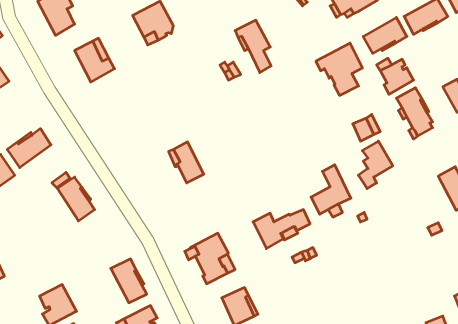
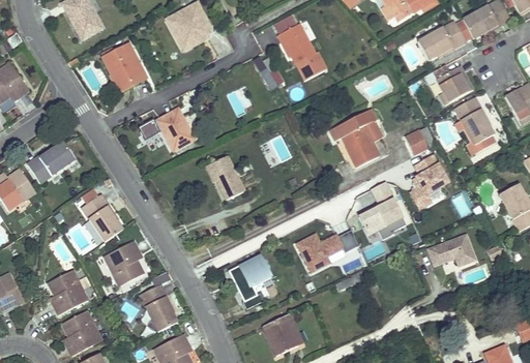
building: [316,43,362,95] -> [330,109,381,165]
building: none -> [136,108,193,150]
building: none -> [430,233,476,264]
building: none -> [106,240,145,285]
building: none -> [50,269,90,315]

